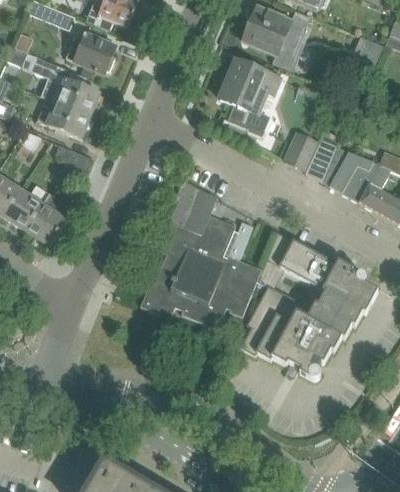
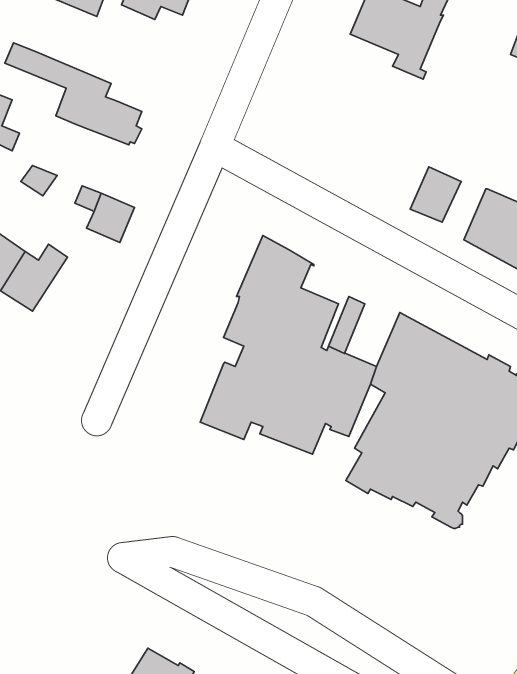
building: [65,30,115,73] -> none
building: [219,59,280,137] -> none
building: [36,102,94,138] -> none
building: [305,127,342,181] -> none
building: [25,193,74,246] -> none

